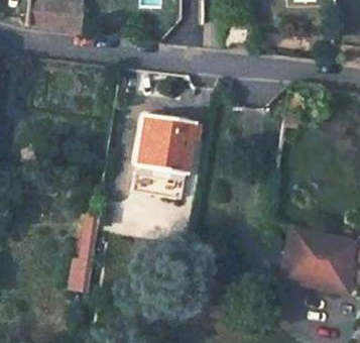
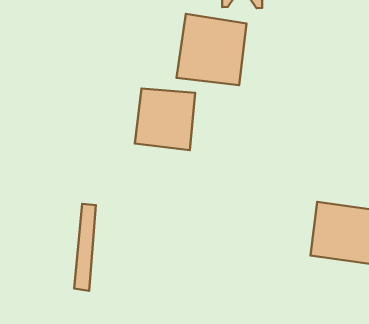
building: none -> [176,14,246,85]

